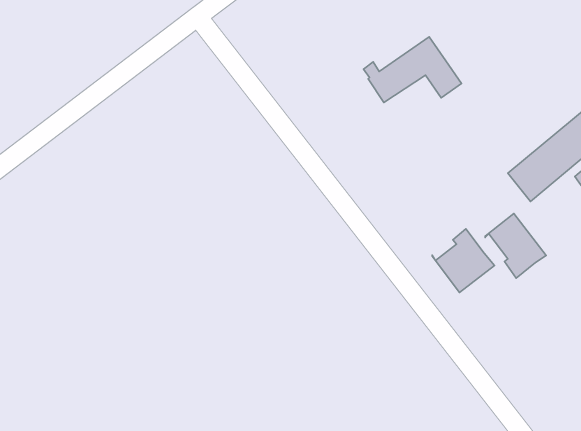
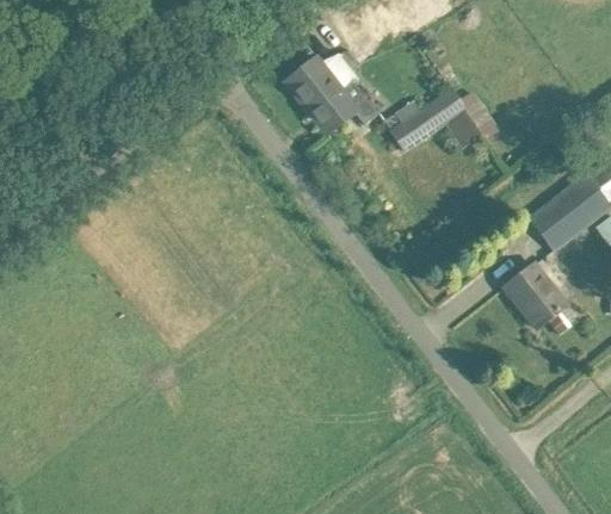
building: none -> [284,54,366,141]
building: [432,229,495,292] -> none

